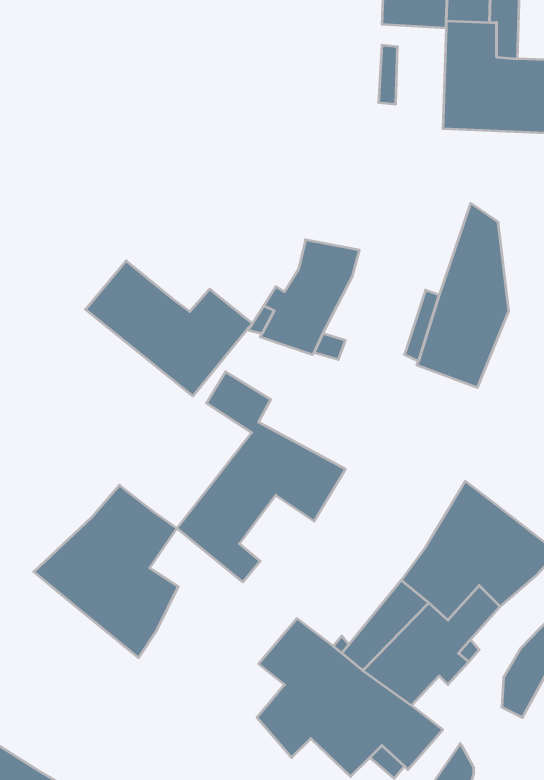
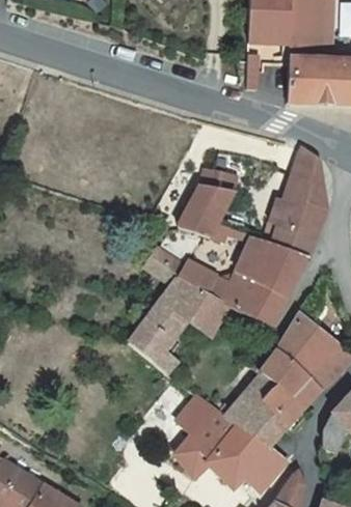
building: [85,261,252,396] -> none
building: none -> [177,236,307,326]
building: [34,485,178,658] -> none

